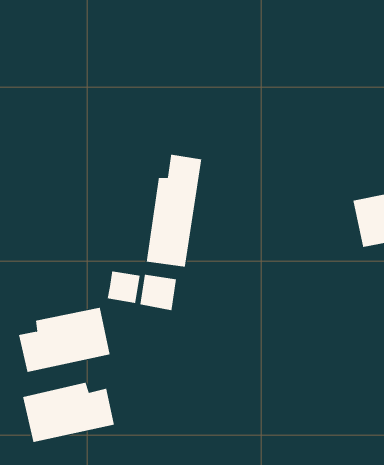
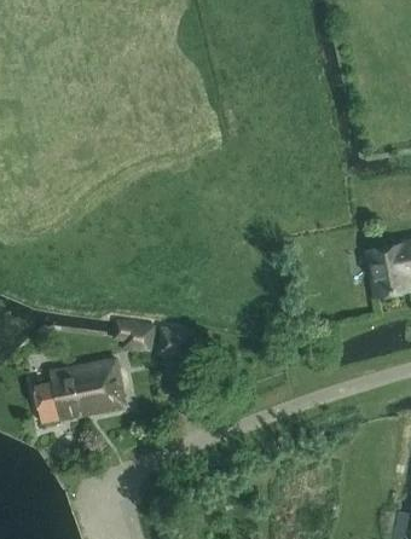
building: [146,154,202,267] -> none
building: [22,382,114,443] -> none

